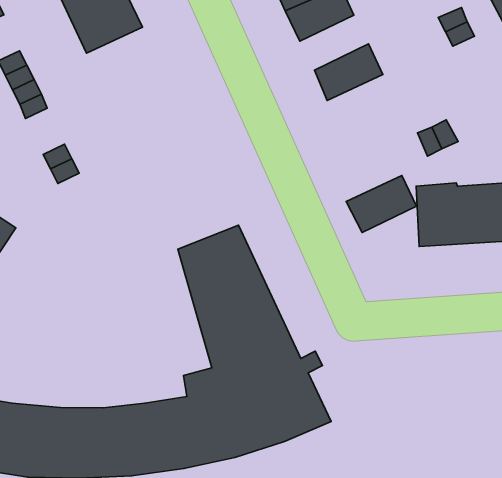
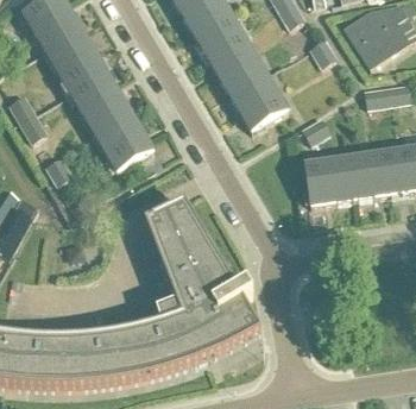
building: none -> [215,48,263,88]
building: none -> [69,69,152,169]
building: [346,176,416,232] -> [238,87,286,128]

